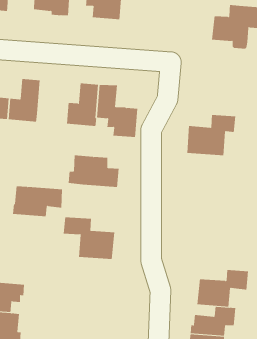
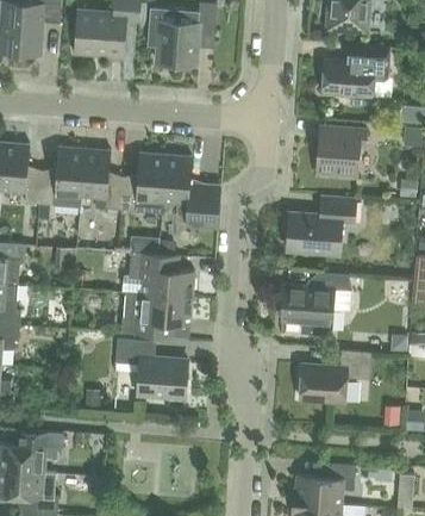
building: none -> [315,126,365,178]
building: none -> [81,149,123,210]
building: none -> [281,272,351,334]
building: [12,186,63,217] -> [121,293,192,336]
building: [197,269,249,307] -> [299,350,371,403]

